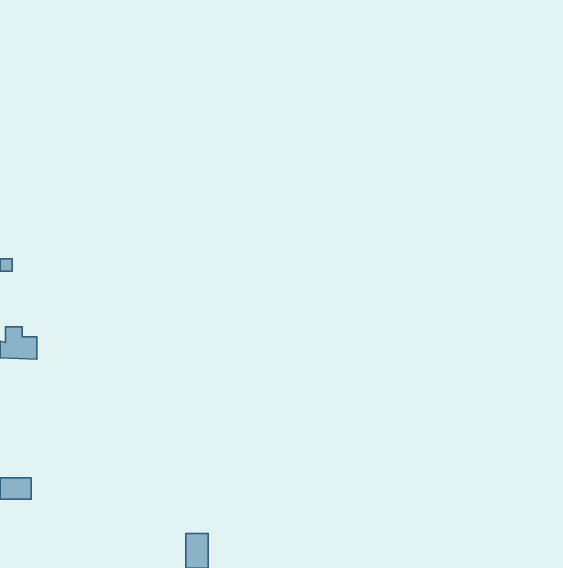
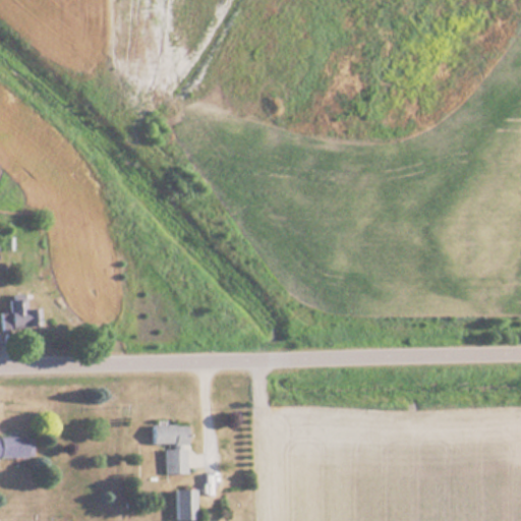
building: none -> [153,424,189,444]
building: none -> [165,449,187,473]

